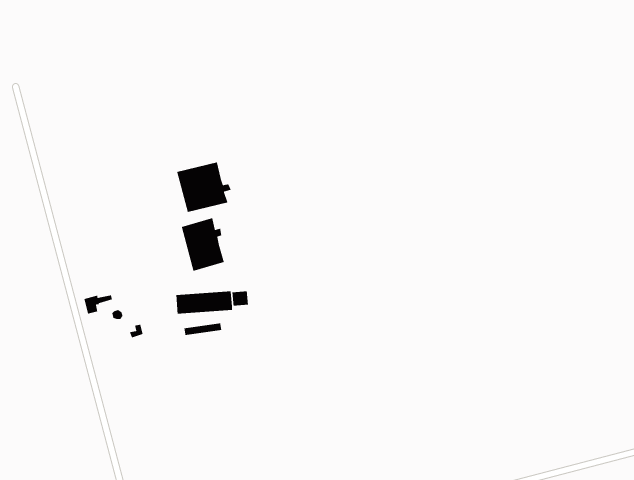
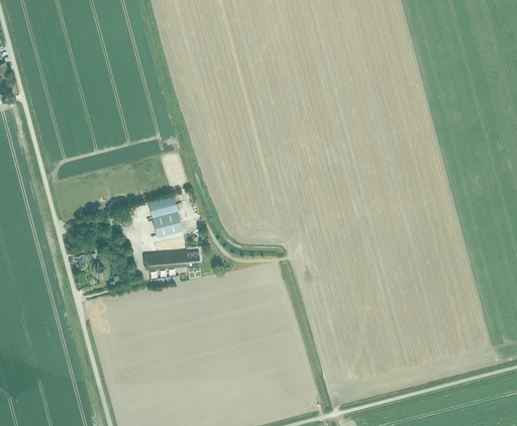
building: [176,161,232,213] -> none

